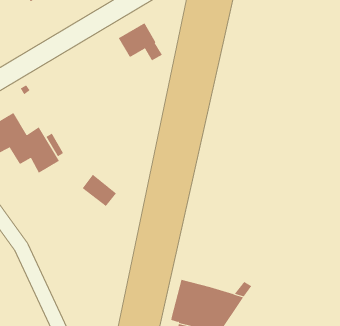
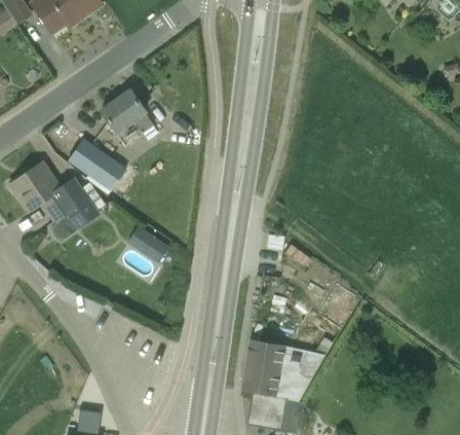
building: [118,22,163,61] -> [101,88,154,133]
building: none -> [69,140,123,191]

